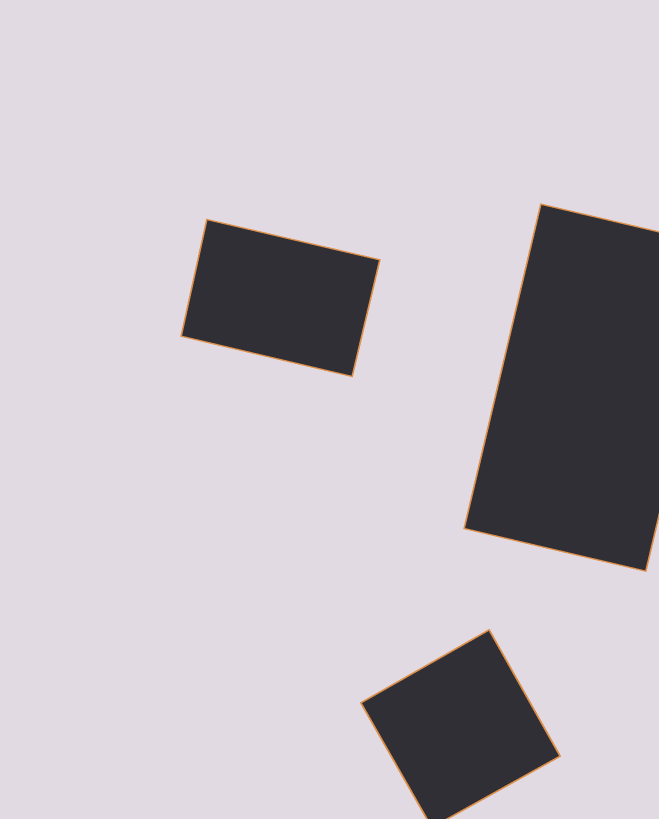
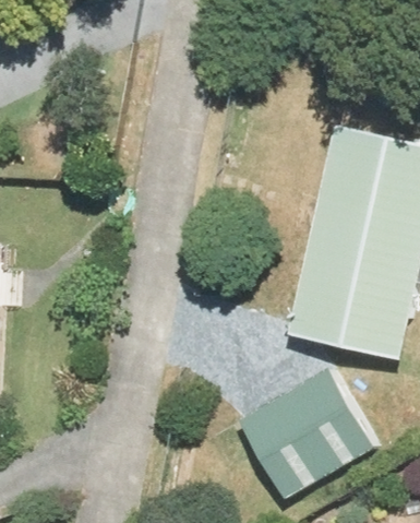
building: [181,219,380,377] -> none

